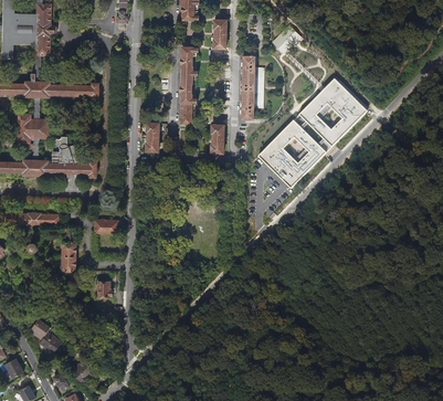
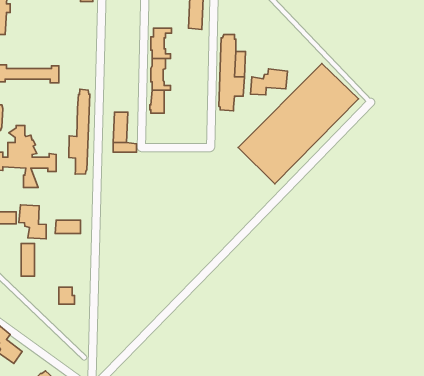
building: none -> [250,69,287,95]
building: none -> [69,89,90,174]
building: [211,124,229,154] -> none
building: none -> [19,205,46,239]

